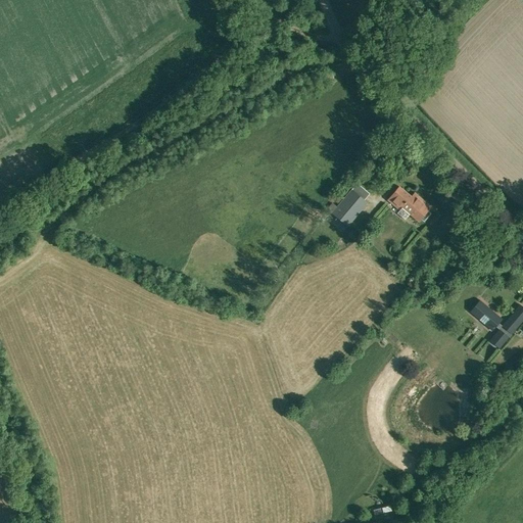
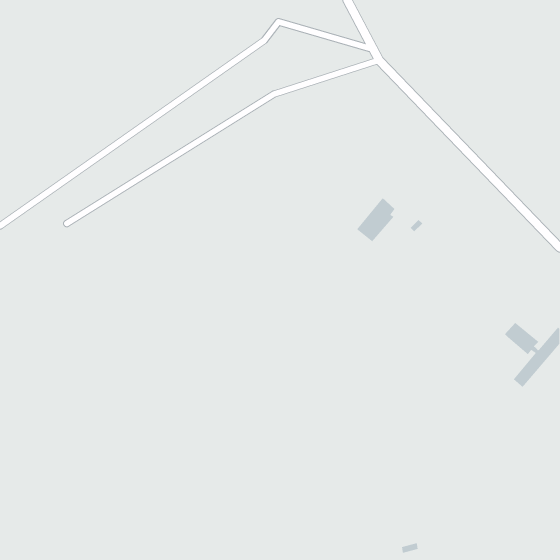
building: [388,186,431,221] -> none

